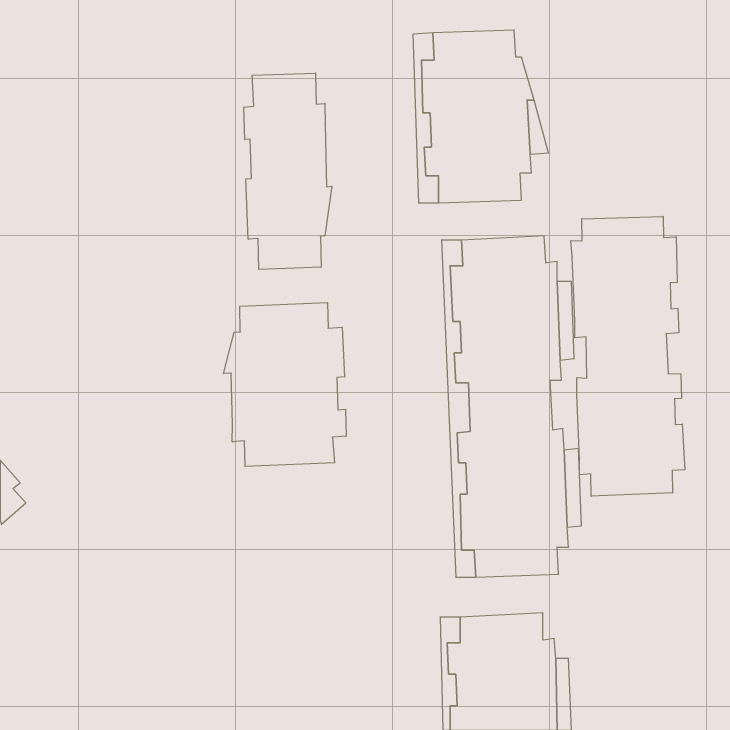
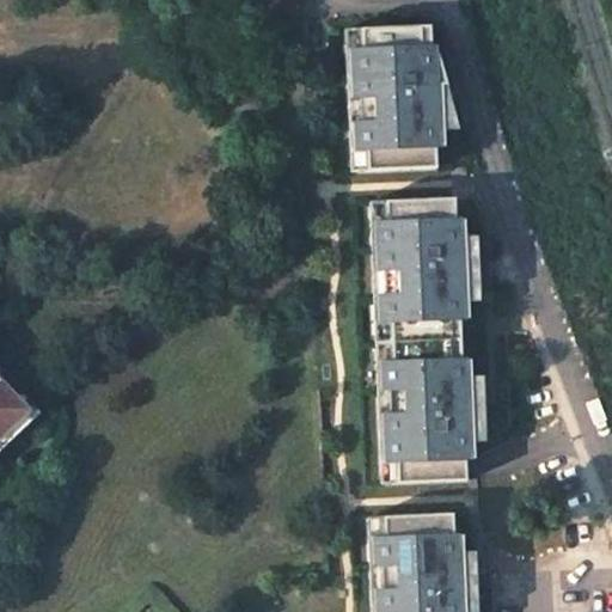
building: [244,73,332,269] -> none
building: [571,216,685,496] -> none
building: [224,303,346,467] -> none

